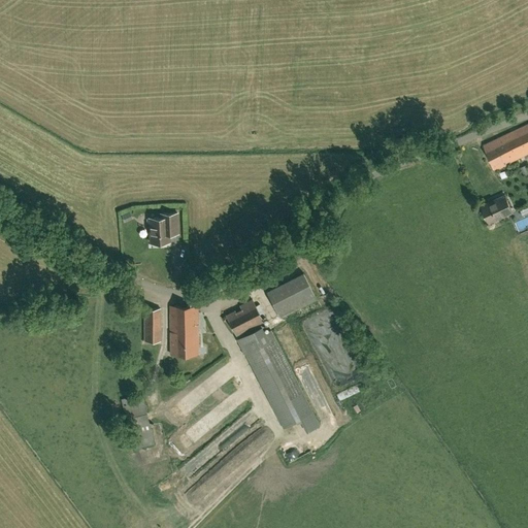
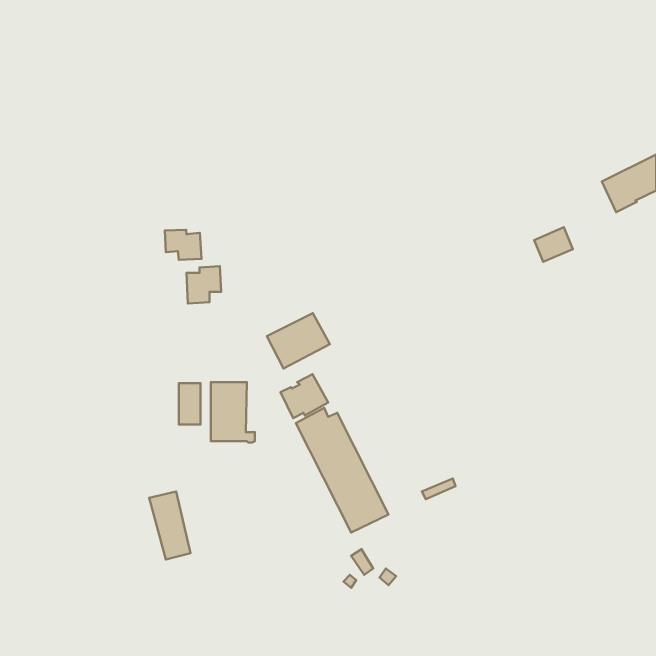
building: none -> [165,230,201,260]
building: [482,196,513,224] -> [534,227,573,262]
building: [265,274,316,319] -> [267,313,330,368]

